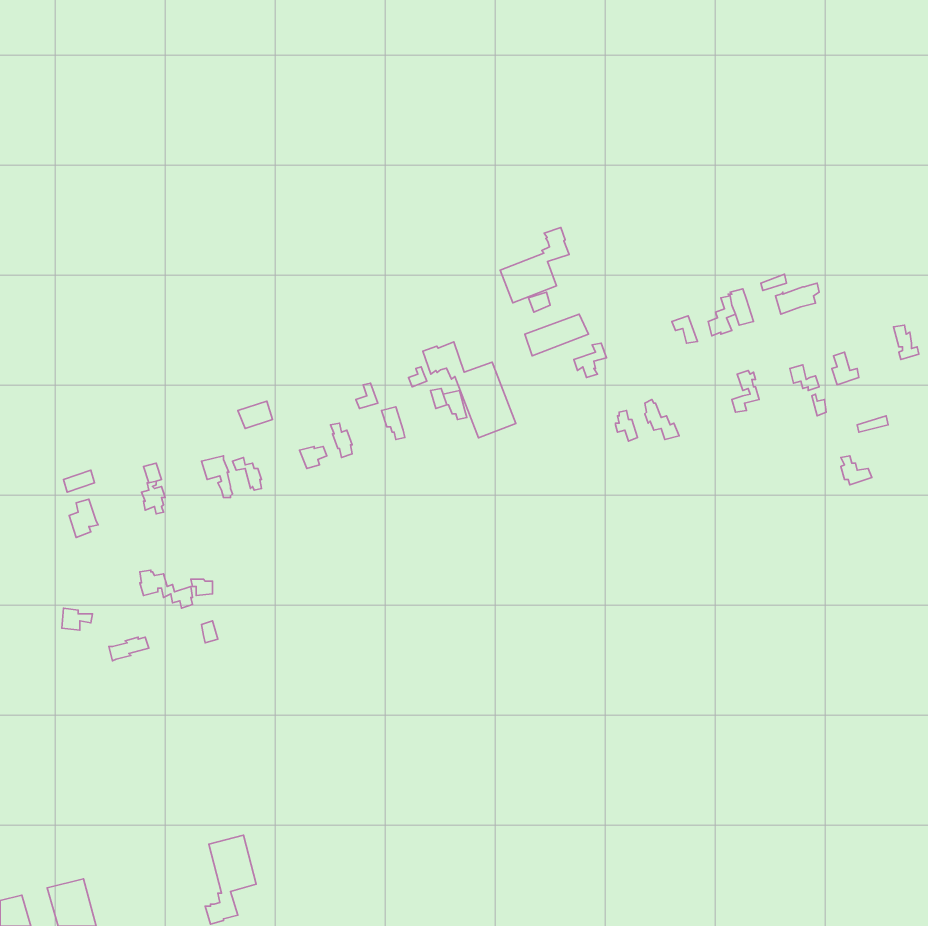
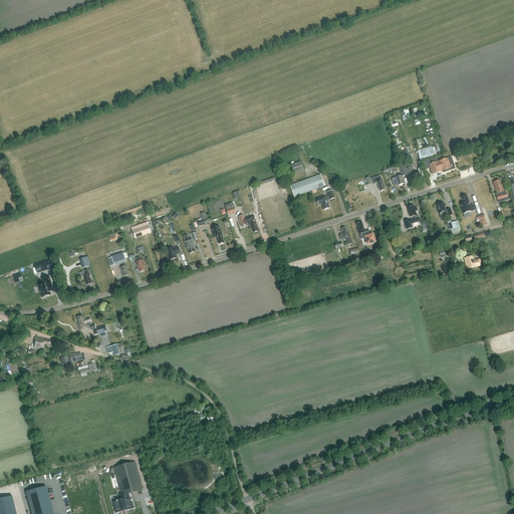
building: [500,227,569,303] -> none
building: [423,342,516,438] -> none

